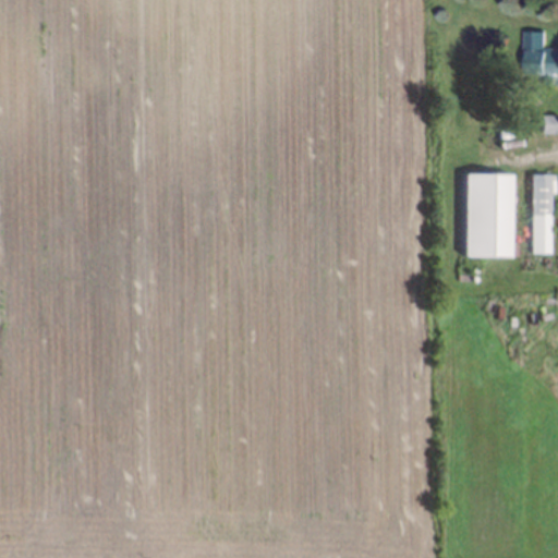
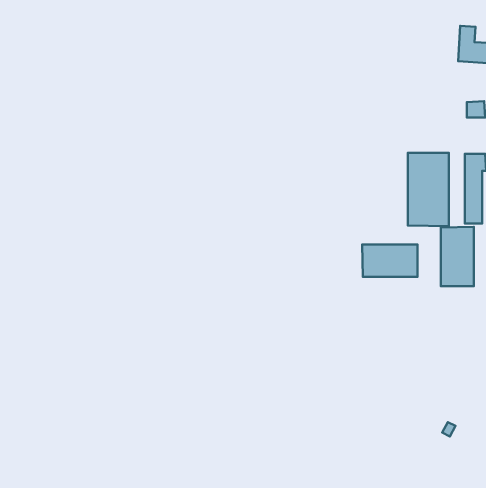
building: none -> [441,227,474,286]
building: none -> [362,244,418,277]

